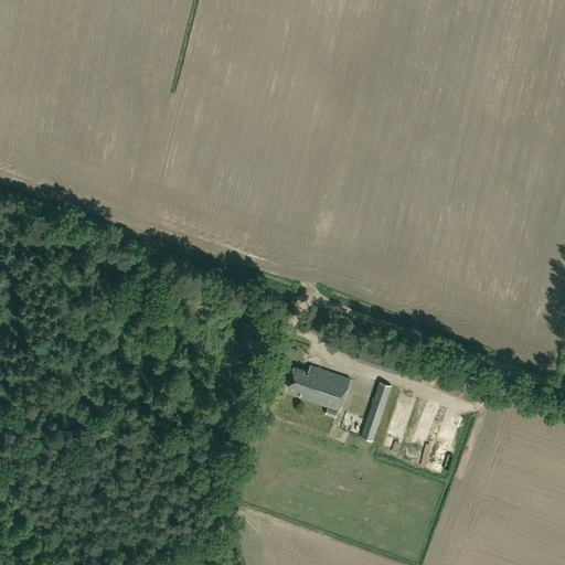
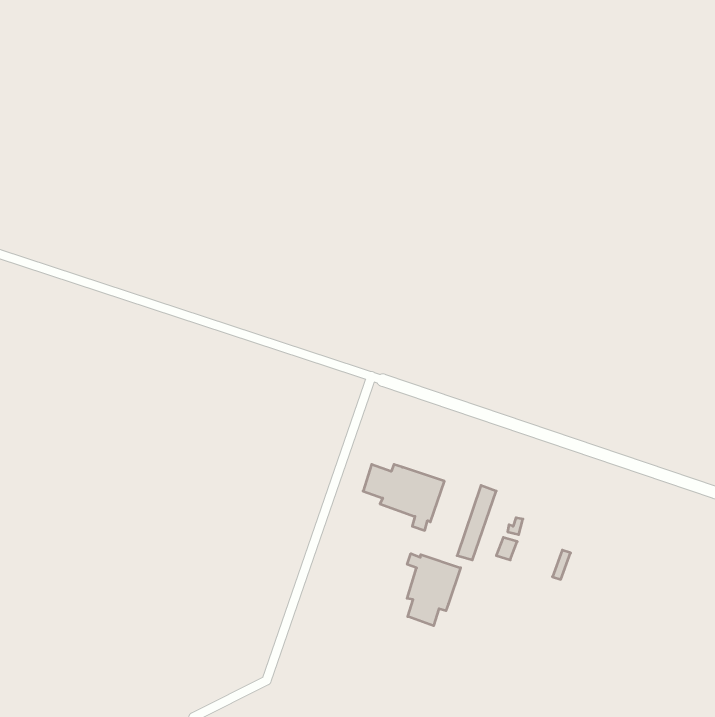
building: none -> [407,554,461,626]

